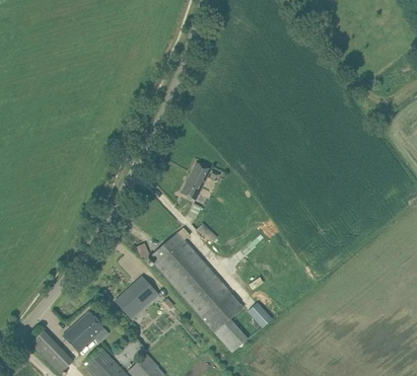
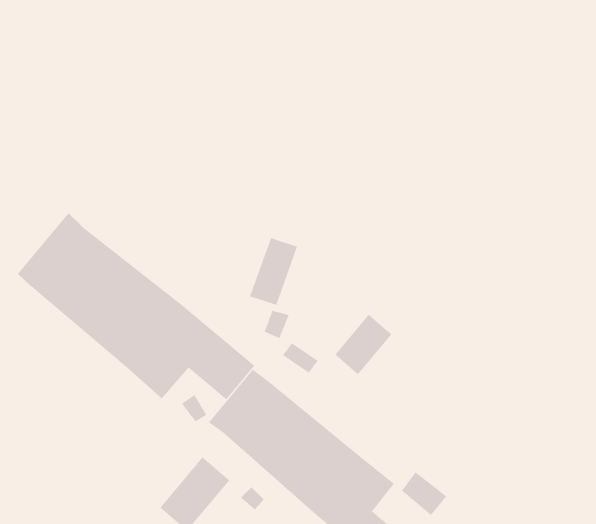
building: none -> [17,213,255,400]
building: none -> [334,314,392,375]

